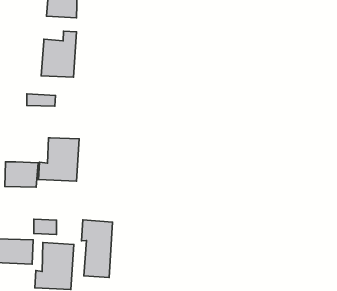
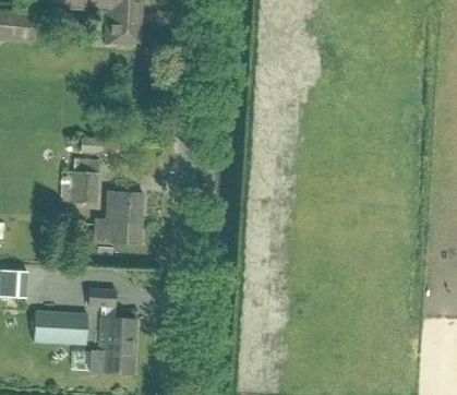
building: [41,31,76,77] -> none
building: [5,162,38,187] -> [60,172,100,203]
building: [81,220,113,277] -> none

